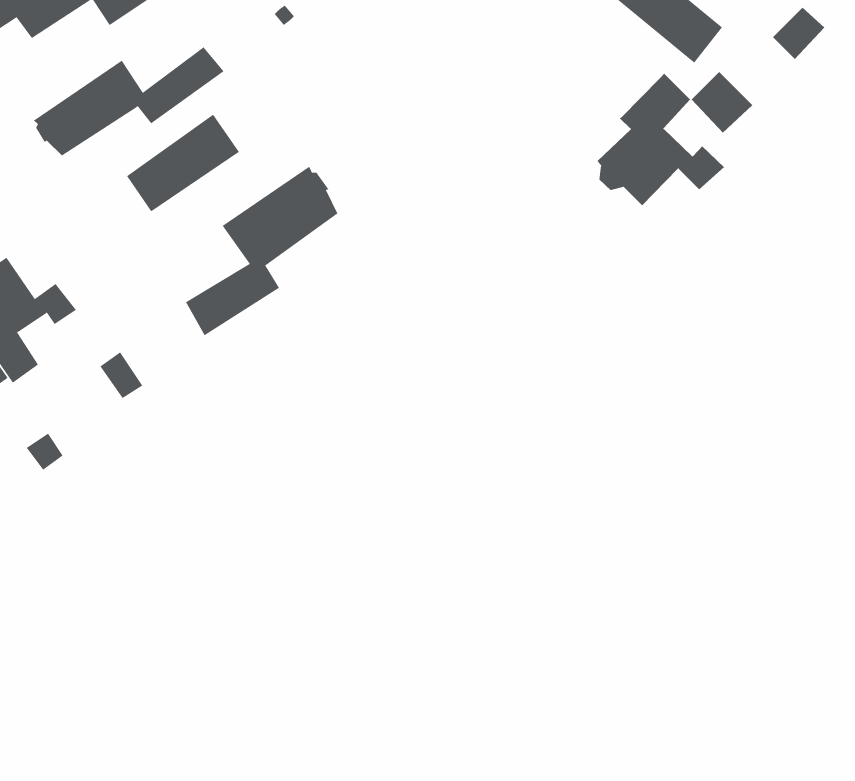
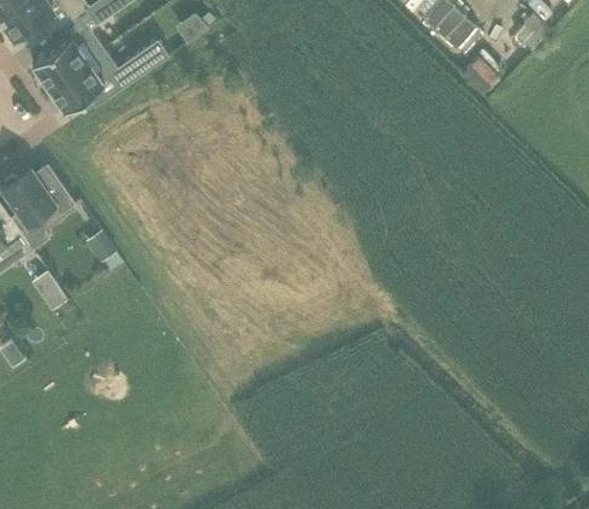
building: [597,73,725,206] -> none
building: [126,114,240,212] -> [30,24,102,86]
building: [185,166,338,336] -> none

